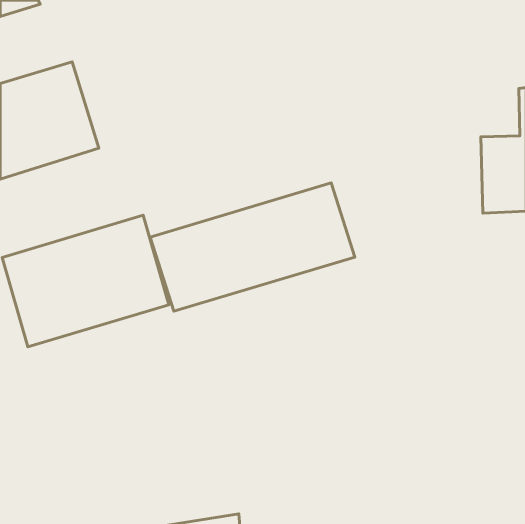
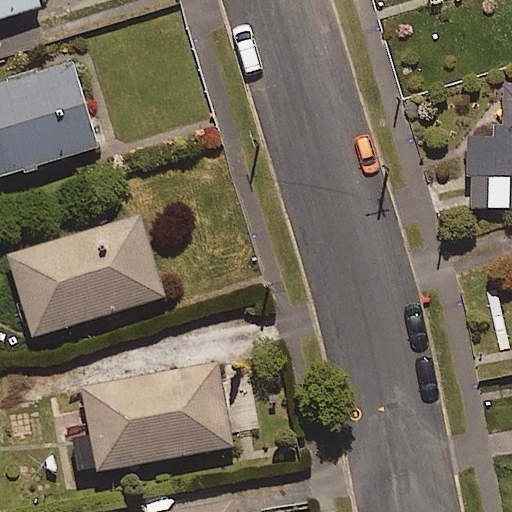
building: [150,183,355,311] -> none
building: none -> [81,363,231,470]

